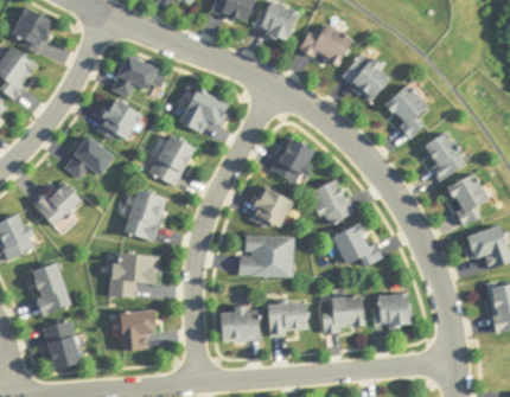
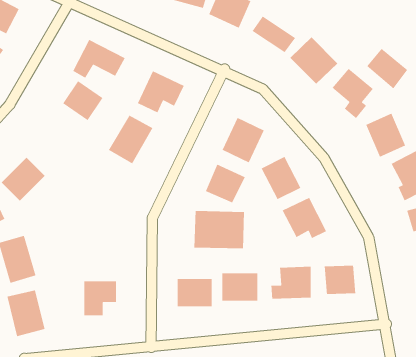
building: none -> [366,48,408,89]
building: [63,136,114,179] -> none
building: [122,188,167,242] -> none
building: [109,252,159,297] -> none

